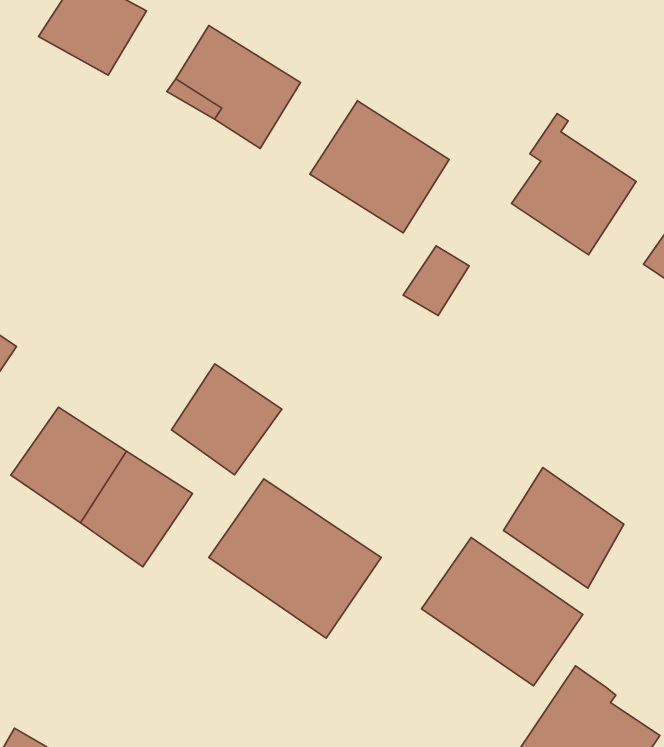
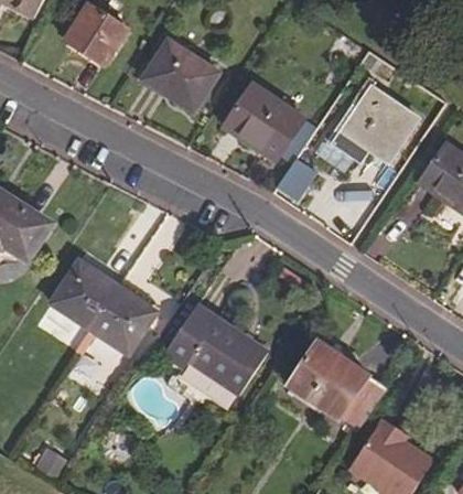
building: [172,364,282,475] -> none
building: [504,467,624,588] -> none

